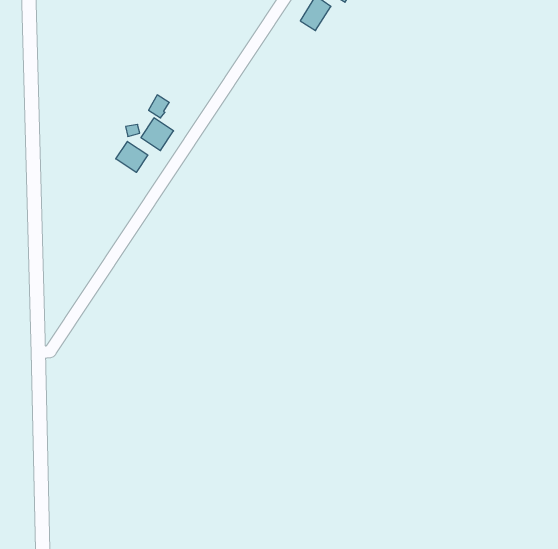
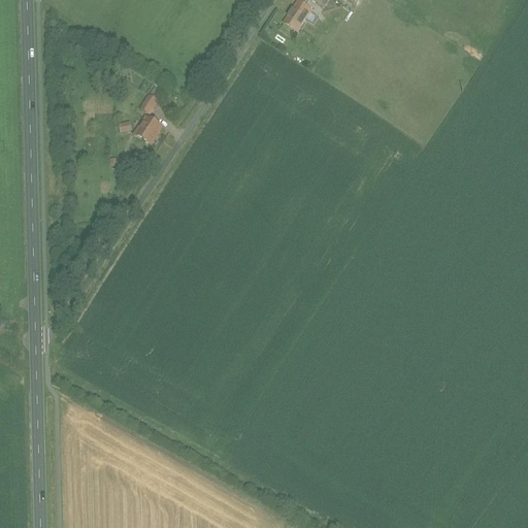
building: [116,141,148,172] -> none

